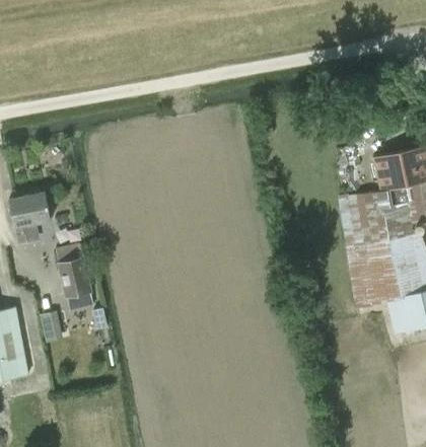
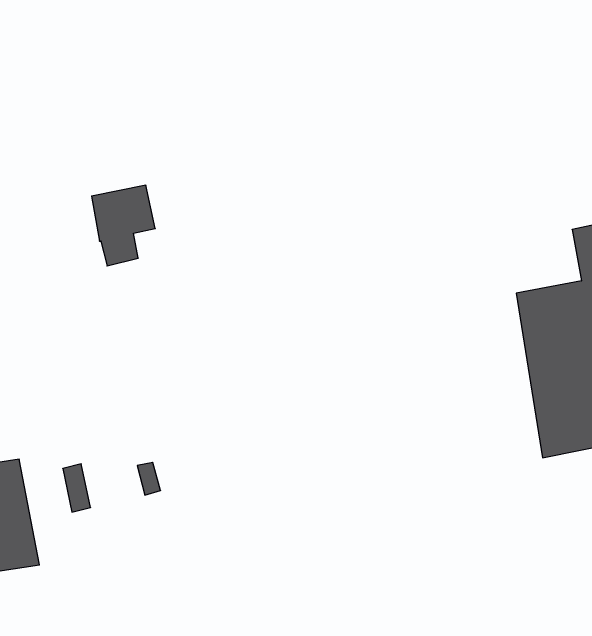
building: [9,193,51,245] -> [92,185,155,266]
building: [56,246,93,312] -> none

